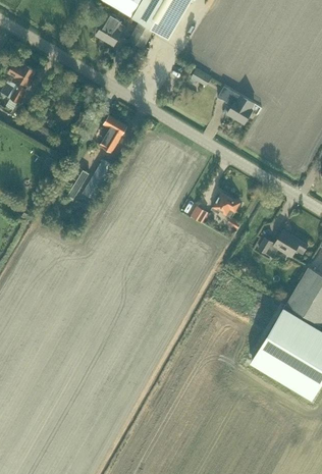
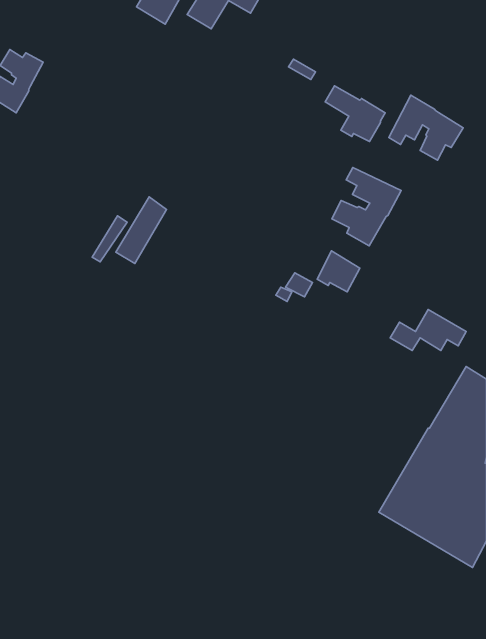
building: none -> [389,95,463,160]
building: [100,116,127,153] -> none
building: none -> [332,167,401,246]

